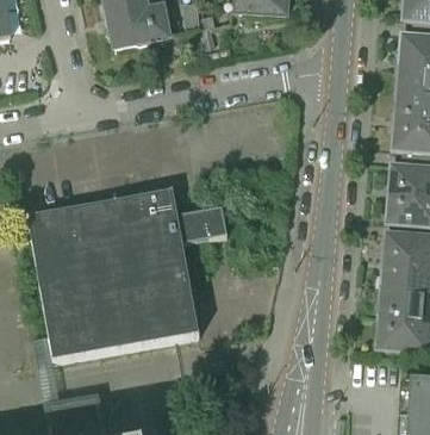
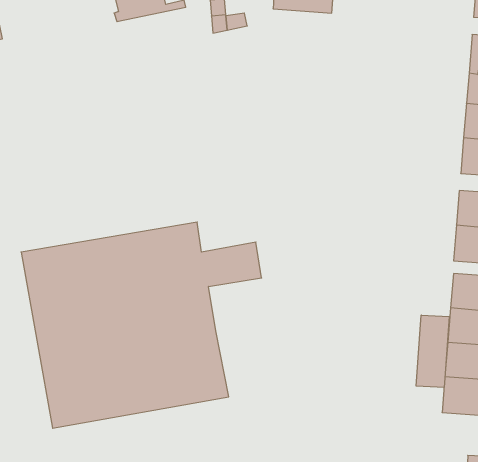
building: [107,11,169,48] -> none
building: none -> [416,315,449,388]

